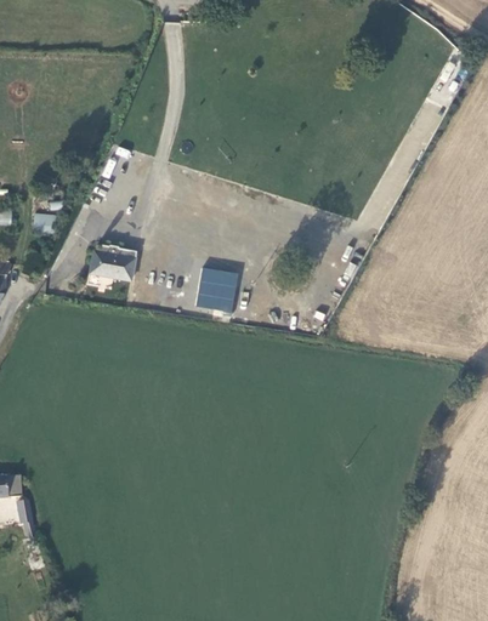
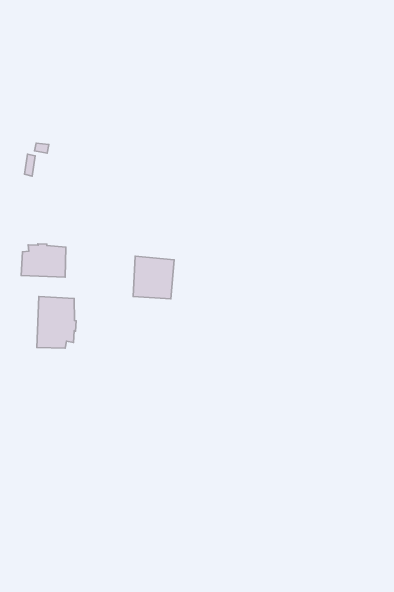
building: none -> [37,297,76,348]

